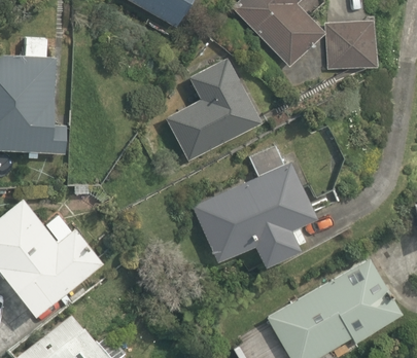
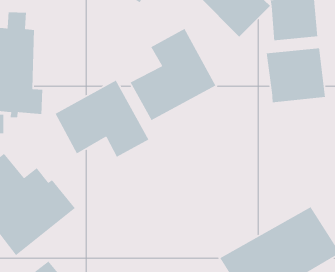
building: none -> [266,47,326,103]
building: none -> [54,79,149,158]
building: [190,145,318,262] -> none

